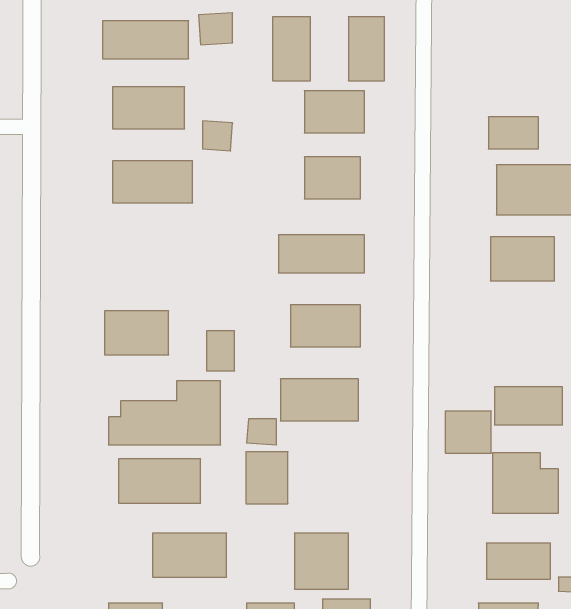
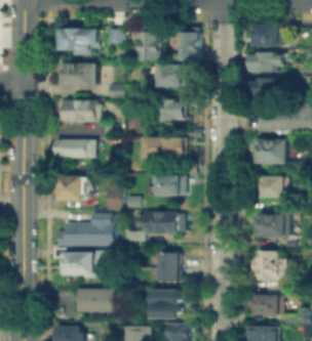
building: none -> [250,27,281,44]
building: none -> [252,53,280,72]
building: none -> [56,139,94,158]
building: [445,411,491,453] -> [261,176,284,198]
building: [246,452,288,504] -> [158,254,180,281]

